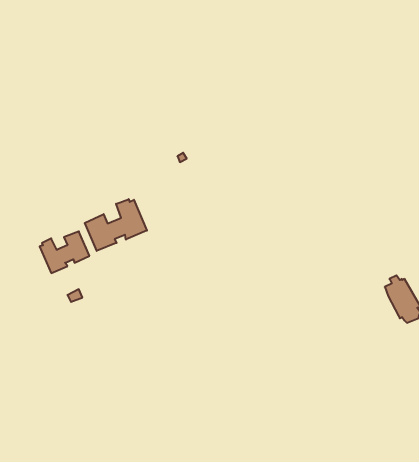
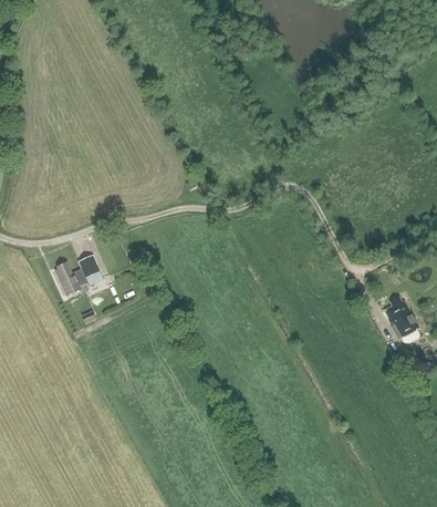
building: [85,199,147,251] -> none

